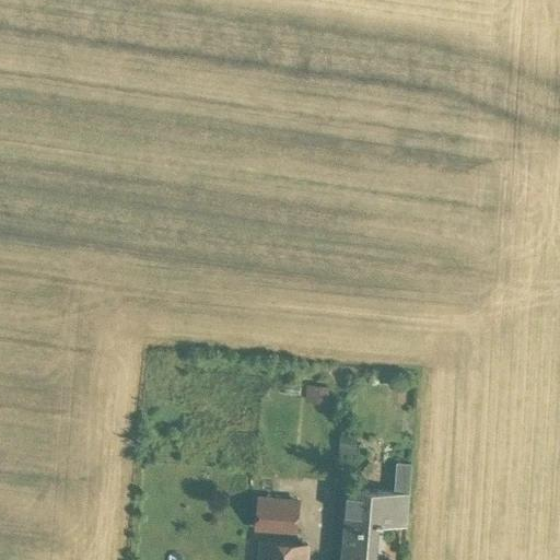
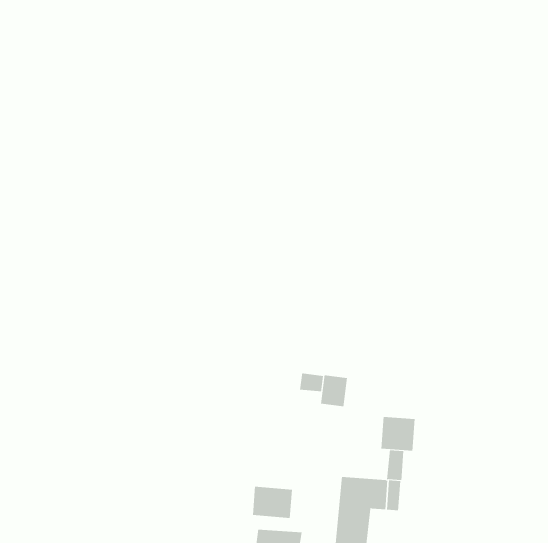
building: none -> [320,375,347,407]
building: none -> [381,416,415,452]

